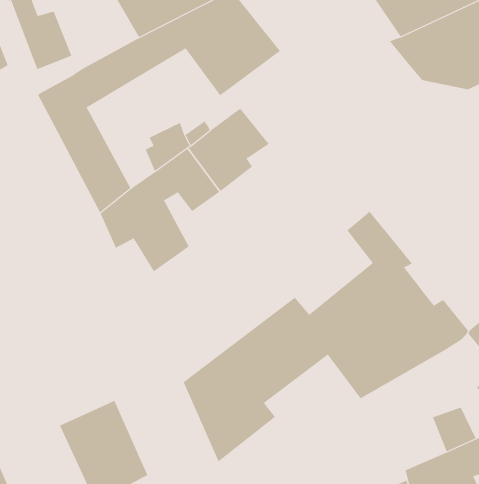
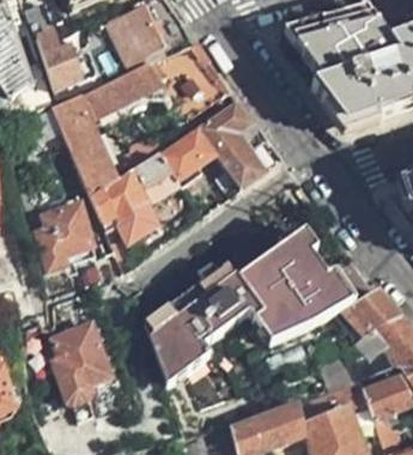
building: none -> [199,102,277,187]
building: none -> [36,196,93,269]

